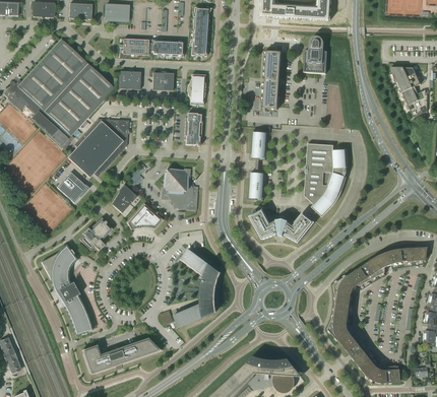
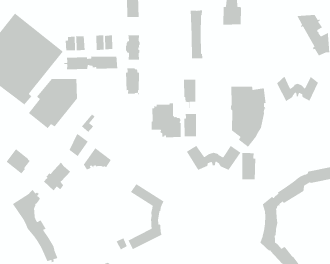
building: [119,39,183,57] -> [63,56,118,70]
building: none -> [276,76,319,102]
building: [161,169,197,210] -> [151,103,182,138]
building: [57,172,86,203] -> [6,148,31,175]
building: none -> [241,152,256,180]

